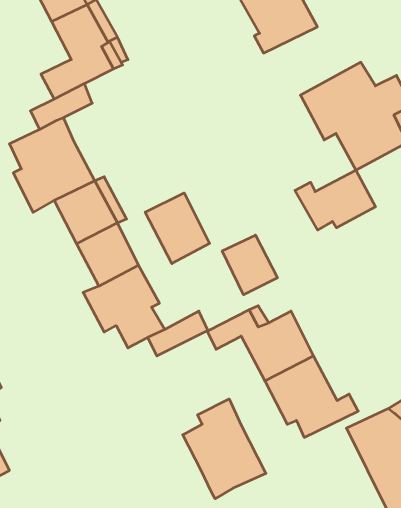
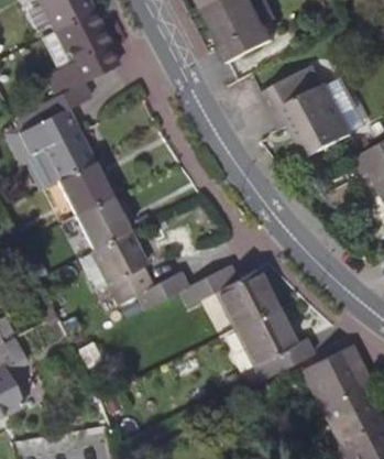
building: [295,170,375,230] -> none
building: [145,193,210,264] -> none
building: [222,235,277,295] -> none
building: [183,399,266,499] -> none

